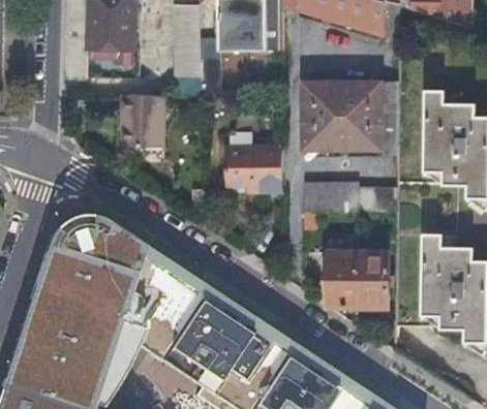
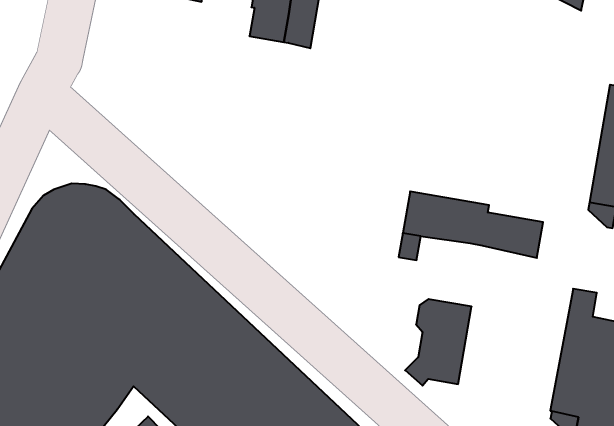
building: [302,83,396,148] -> none
building: [120,94,162,147] -> none
building: [224,133,281,193] -> none
building: [357,252,388,313] -> none

